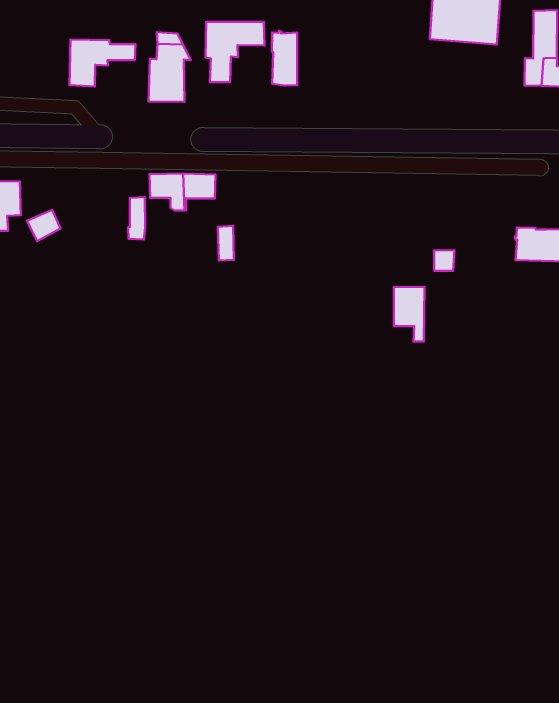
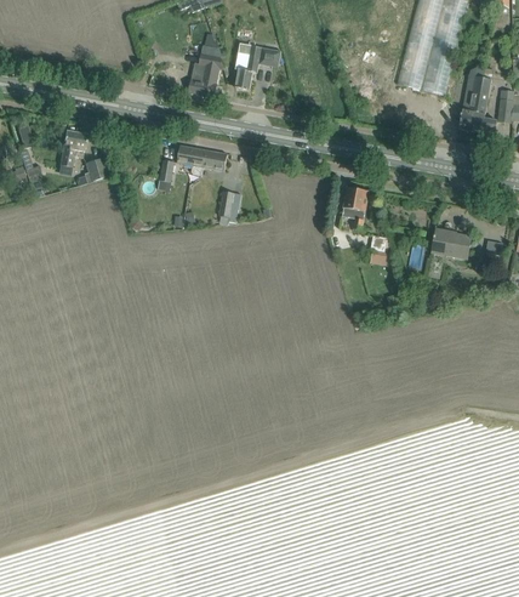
building: [272,31,297,86] -> none
building: [69,39,136,86] -> none
building: [394,287,424,341] -> [343,187,370,229]

